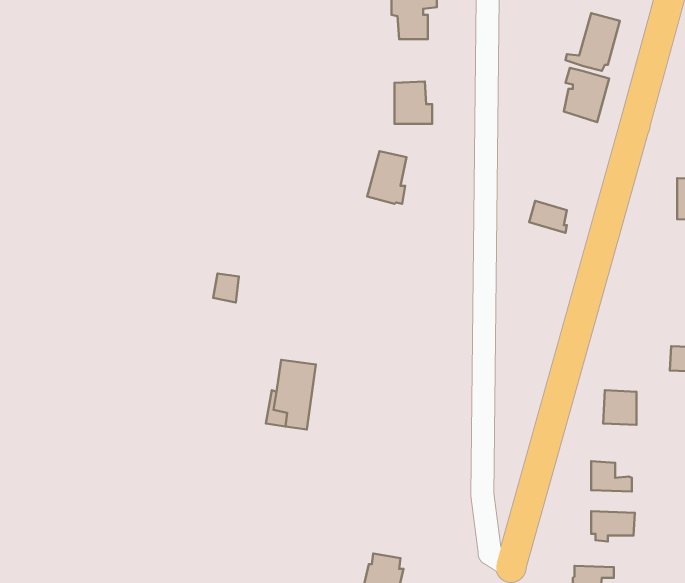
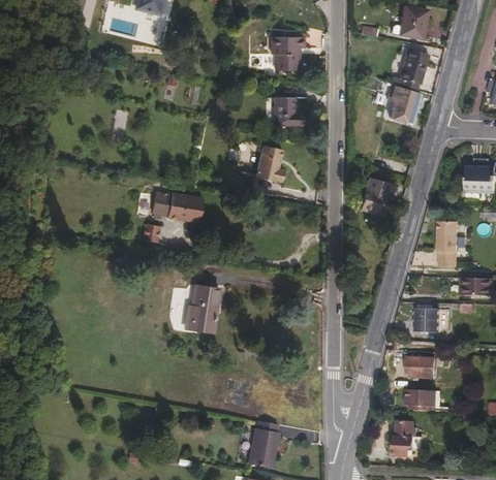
building: none -> [361,193,390,217]
building: none -> [154,196,199,226]
building: none -> [438,221,458,266]

